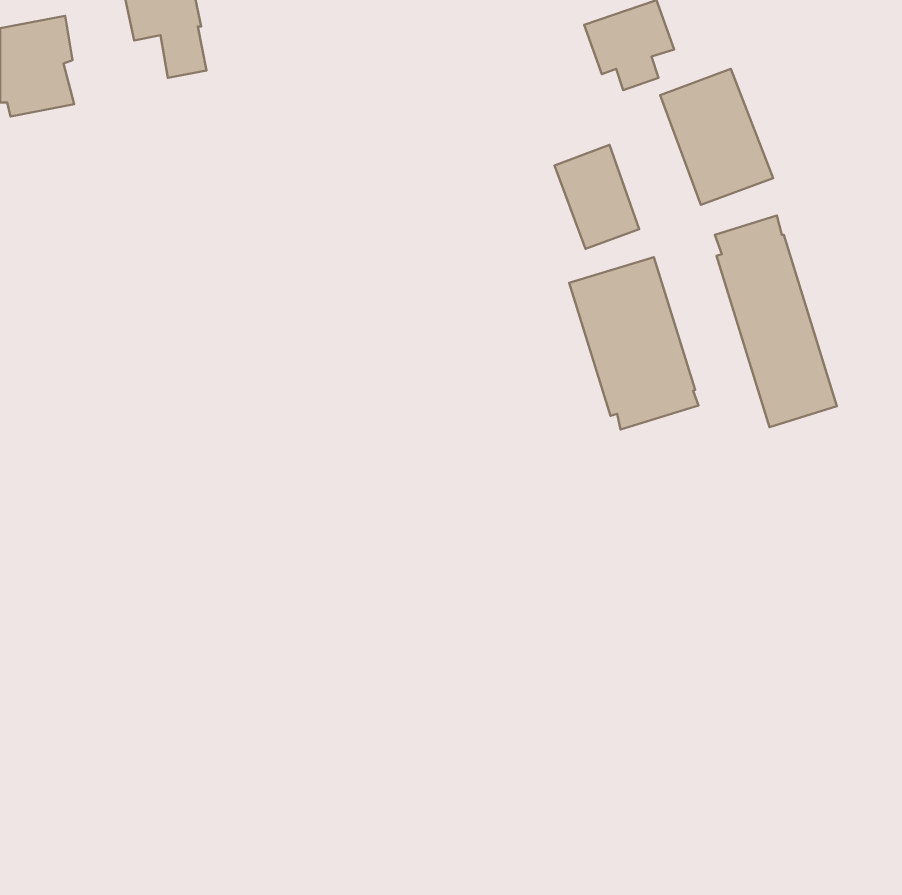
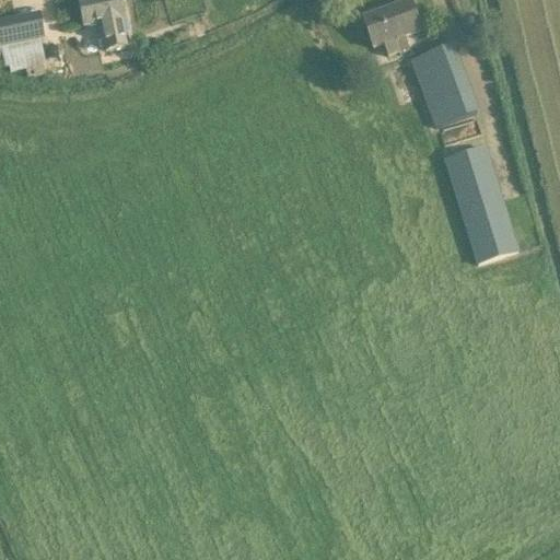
building: [555,145,639,249] -> none
building: [569,257,699,430] -> none

